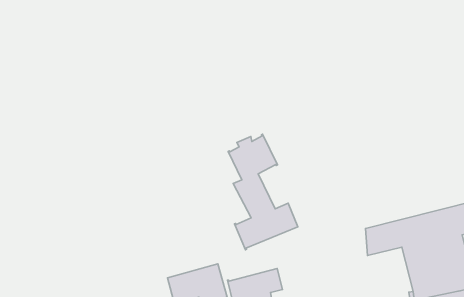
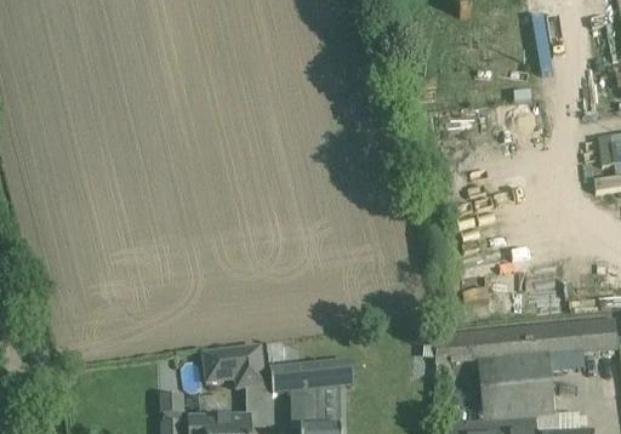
building: [228,134,298,250] -> none

